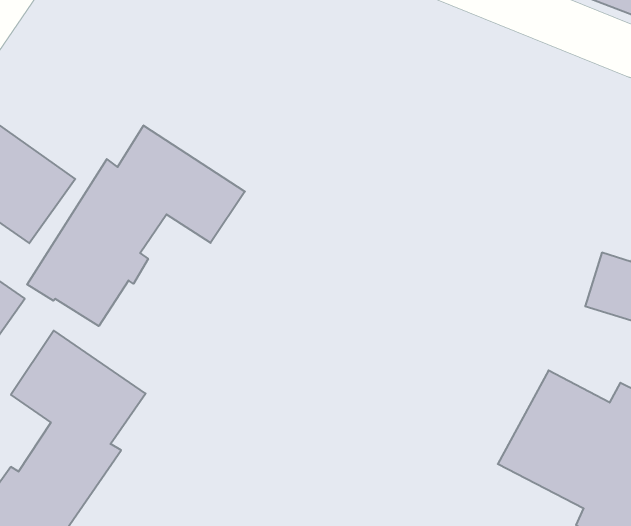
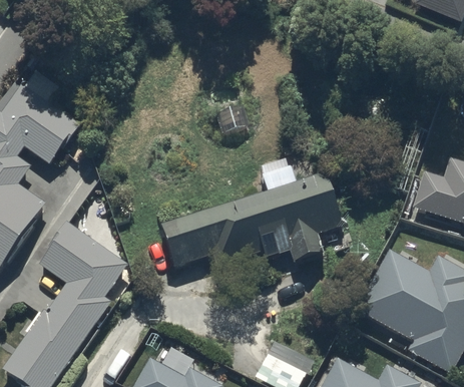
building: [27,125,245,326] -> none
building: none -> [161,174,340,267]

